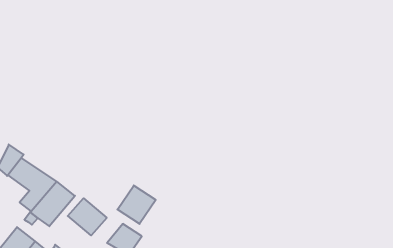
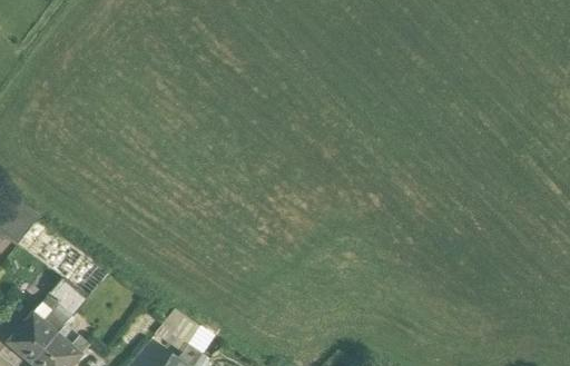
building: [117,185,156,224] -> none
building: [68,198,107,235] -> none

